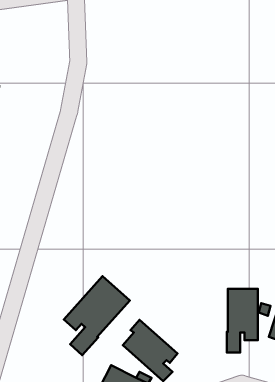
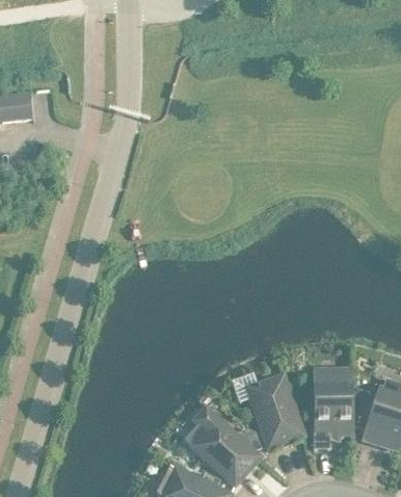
building: [64,276,130,355] -> none
building: none -> [253,374,303,447]

